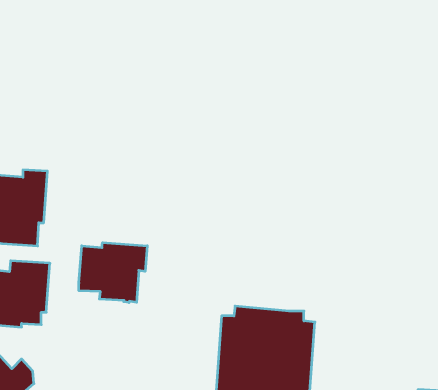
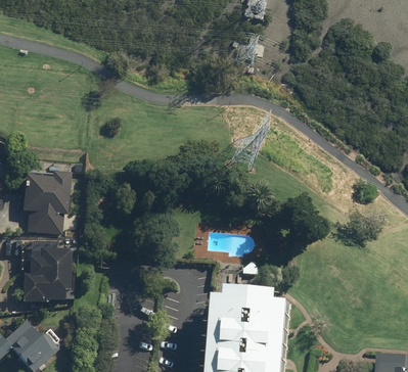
building: [79,243,147,303] -> none

